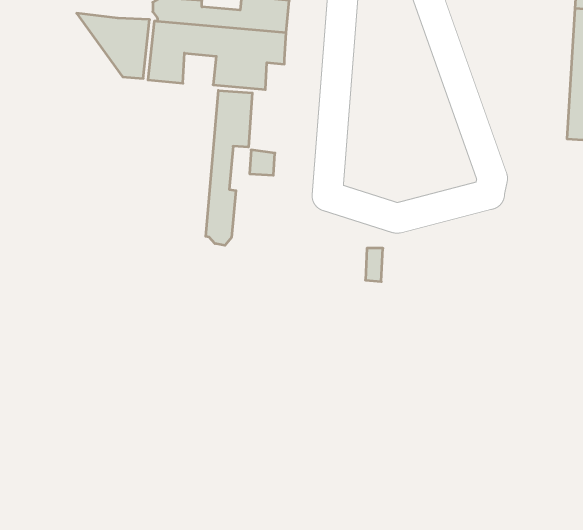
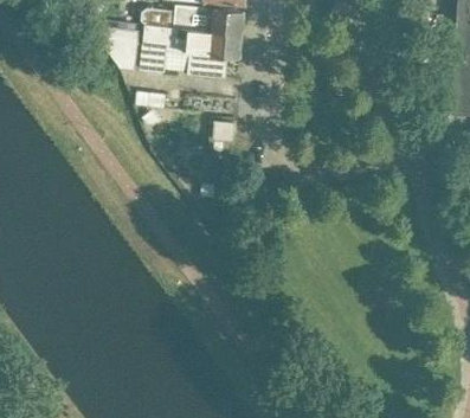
building: [206,90,252,245] -> none

